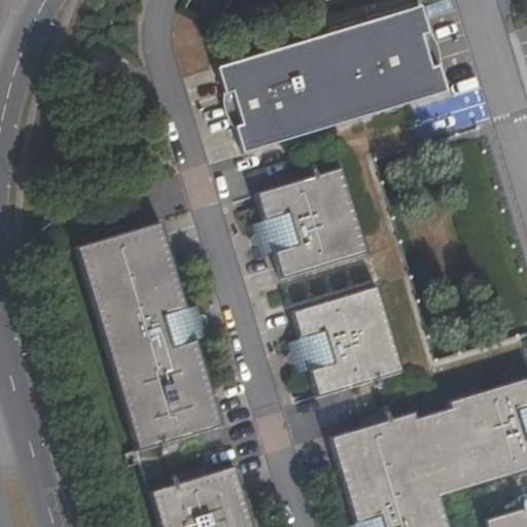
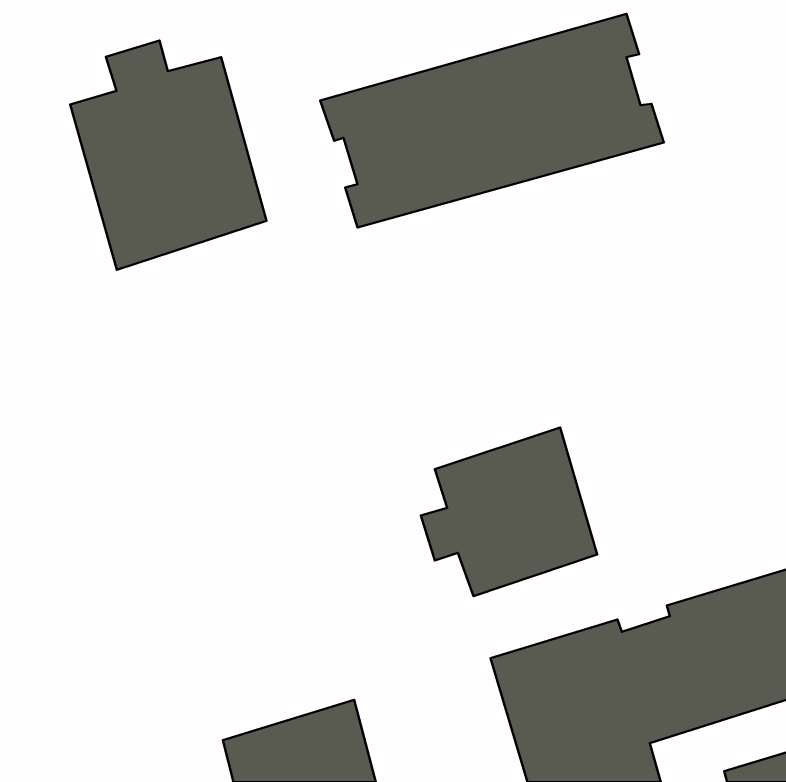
building: none -> [70,40,267,270]
building: [252,163,372,281] -> none
building: [75,223,222,456] -> none

